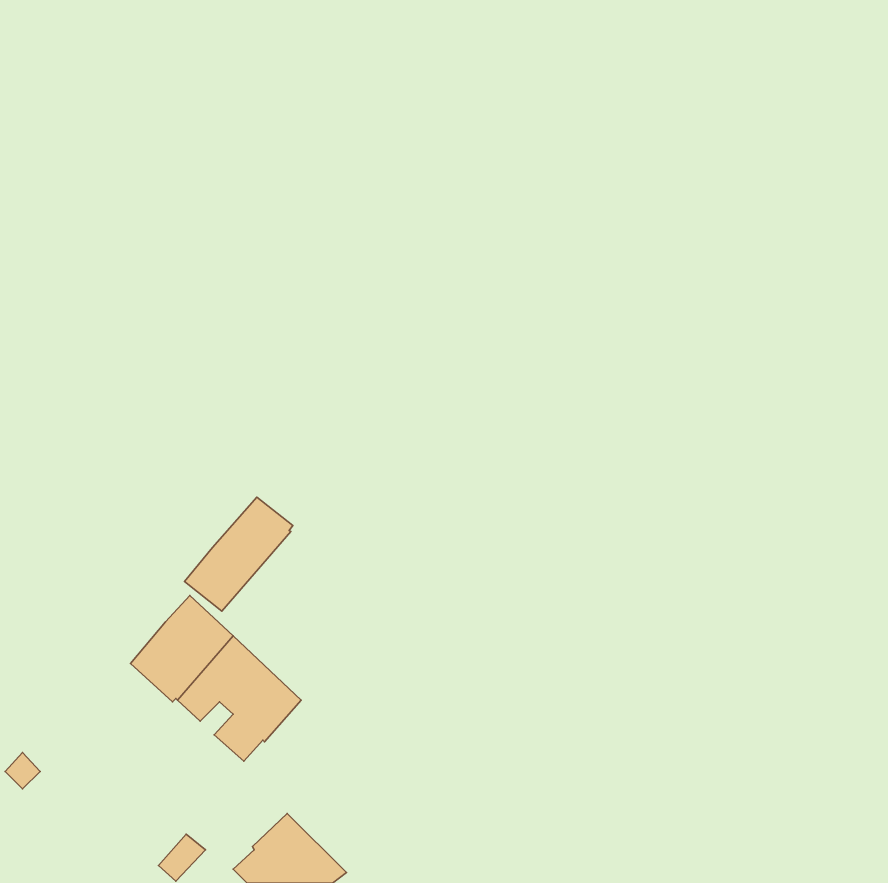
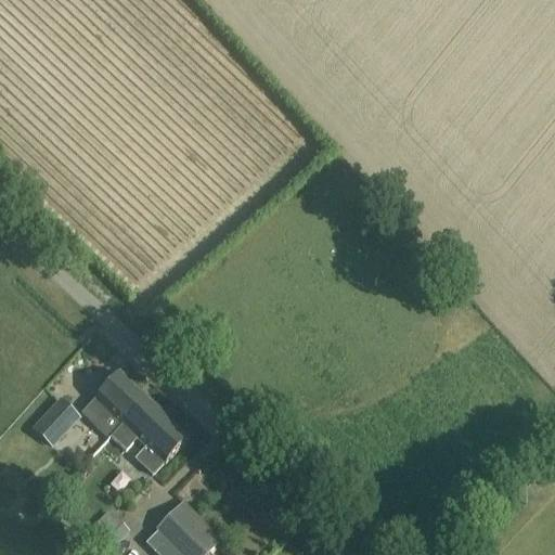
building: [184,497,293,611] -> none
building: none -> [34,400,78,444]

